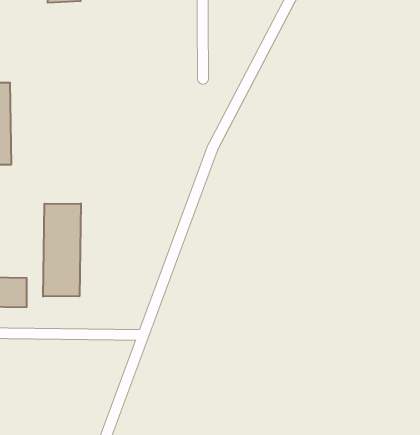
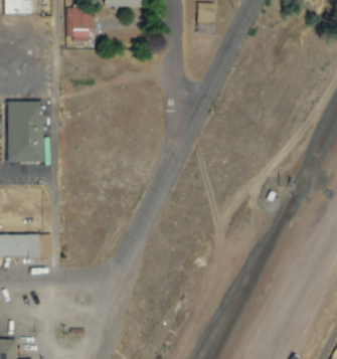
building: [43,203,81,297] -> none

